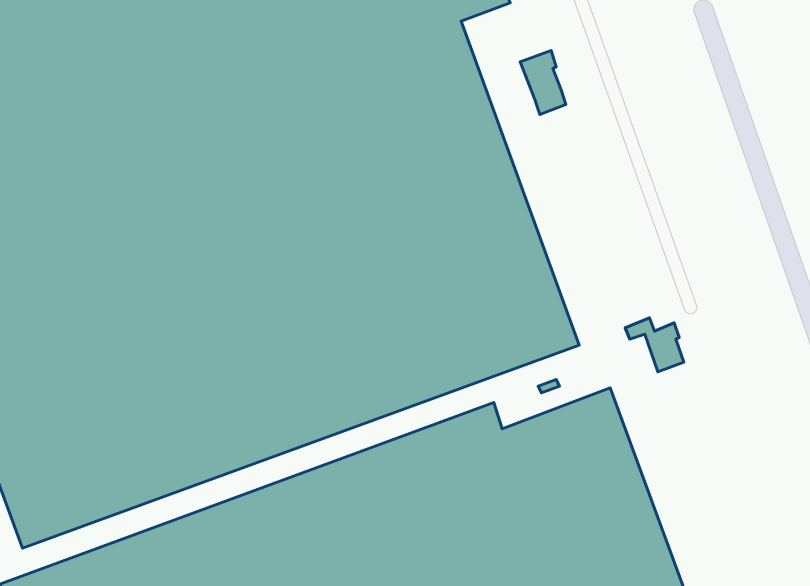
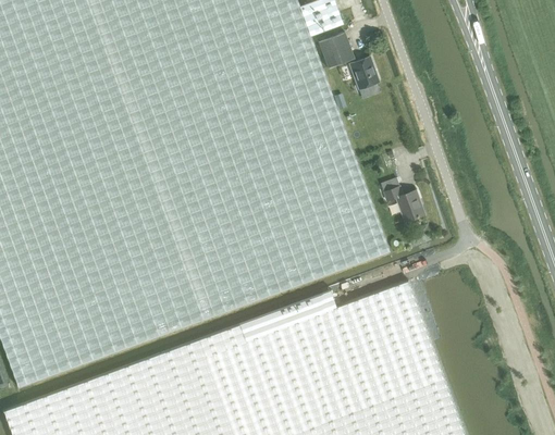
building: none -> [318,32,355,67]
building: [625,318,684,372] -> [384,186,423,222]

